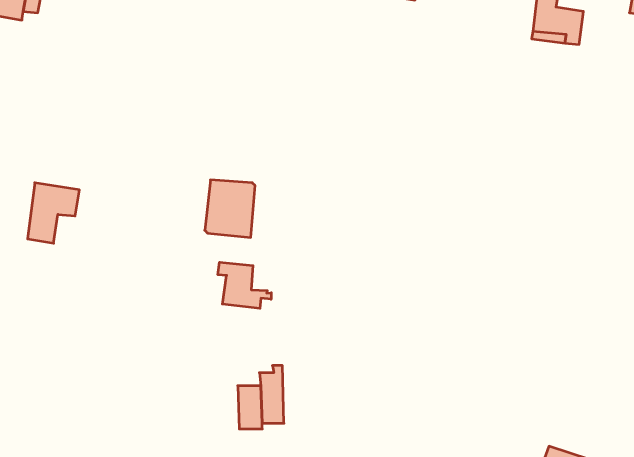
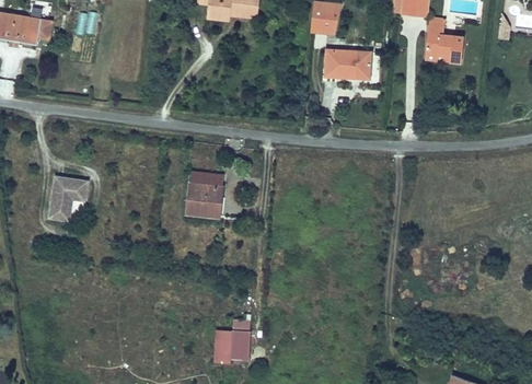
building: none -> [327,51,372,80]
building: [218,262,271,308] -> none

